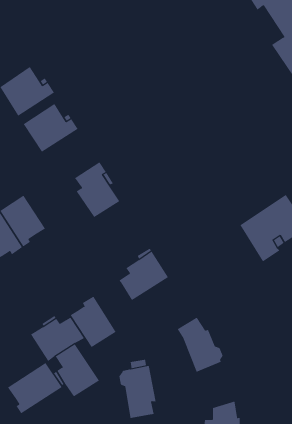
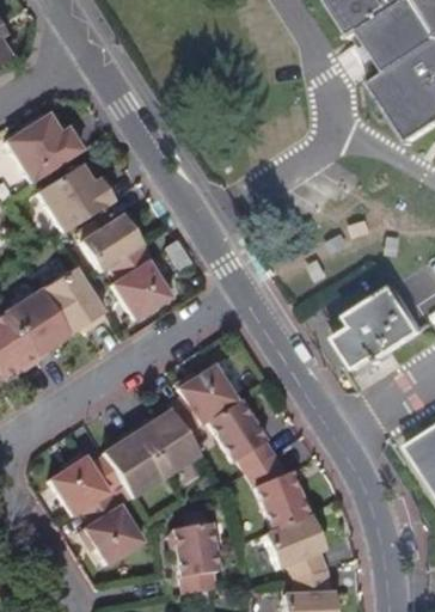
building: none -> [79,213,142,273]
building: none -> [39,268,105,335]
building: none -> [206,399,274,471]
building: none -> [134,408,198,475]
building: none -> [263,514,325,577]
building: [7,362,62,414] -> none

